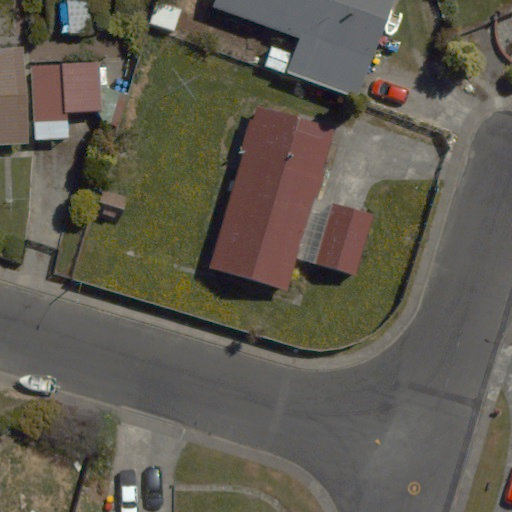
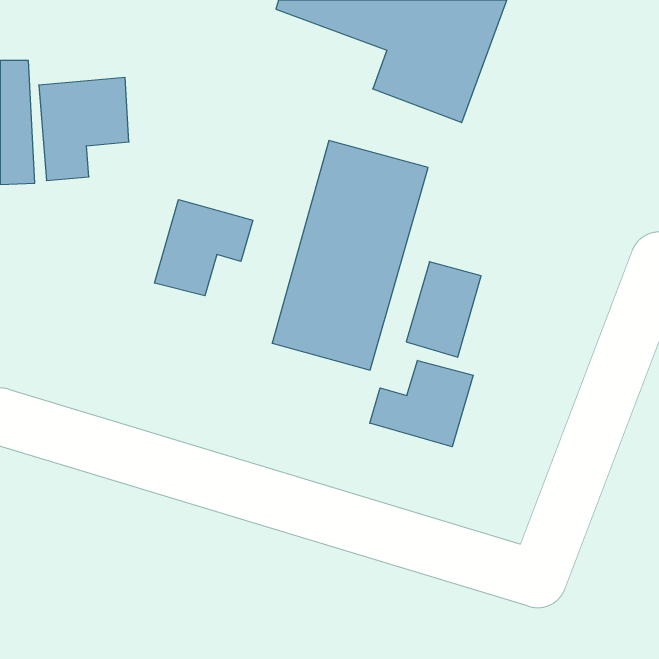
building: none -> [154,200,253,296]
building: none -> [370,360,473,447]

